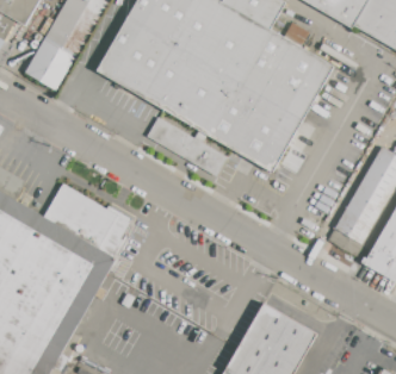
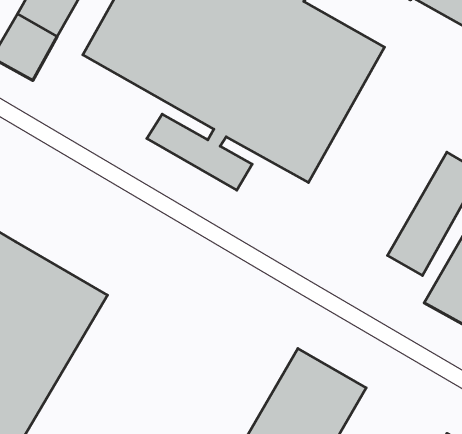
building: [43,183,129,260] -> none

